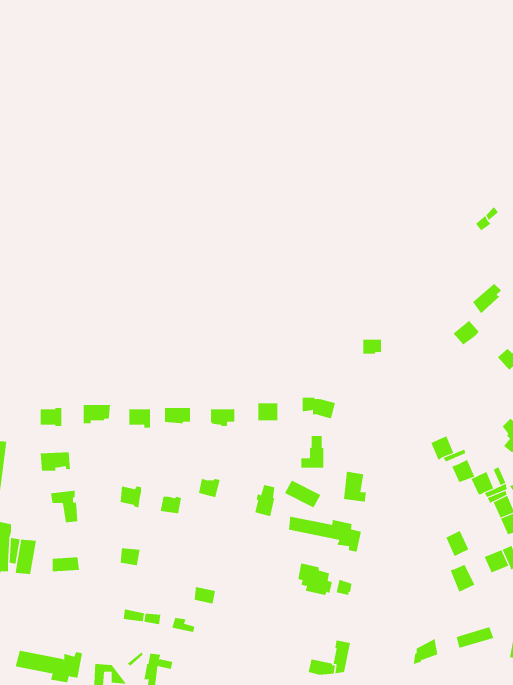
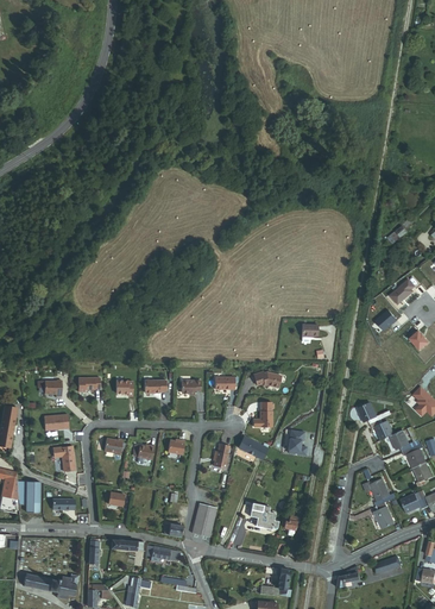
building: [289,516,362,553] -> none
building: none -> [190,503,216,538]

